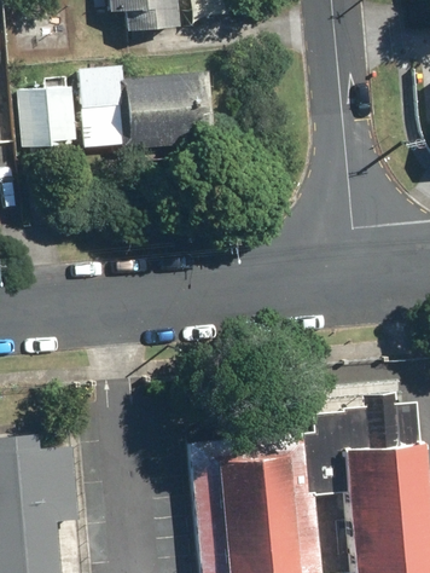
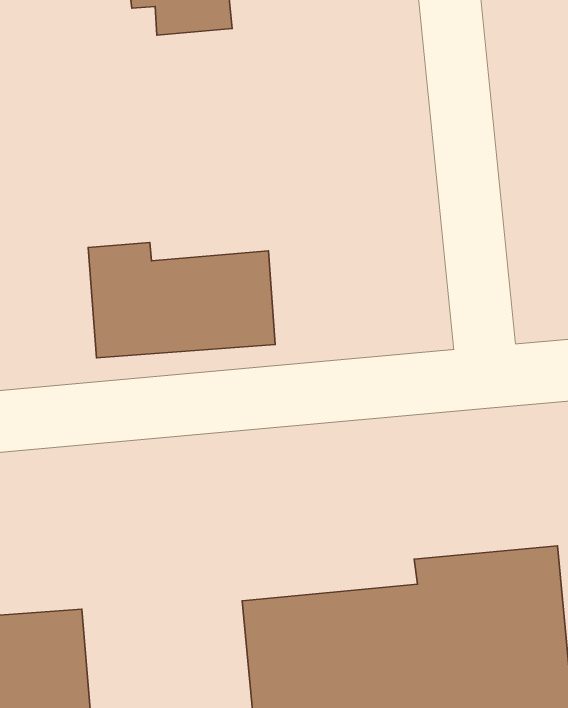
building: [77,66,213,150] -> [88,243,275,358]
building: [17,87,72,150] -> none

